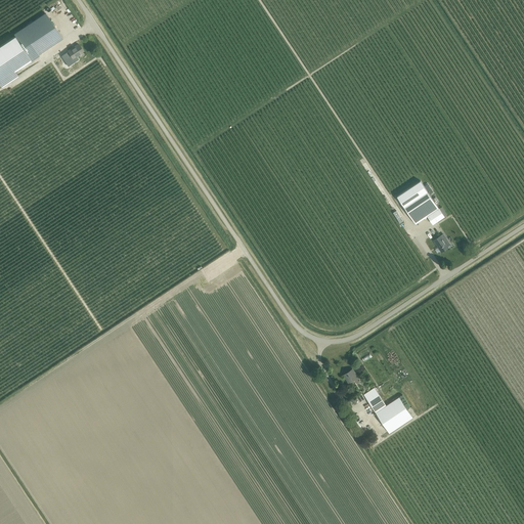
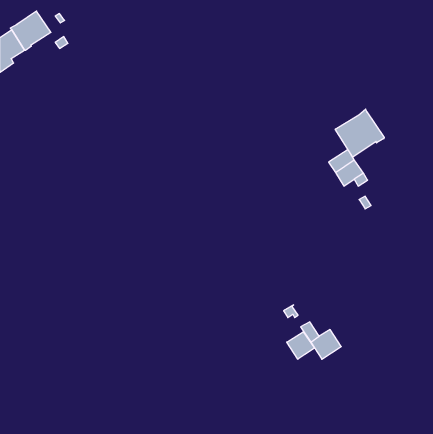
building: none -> [335,109,384,157]
building: none -> [287,332,315,359]

